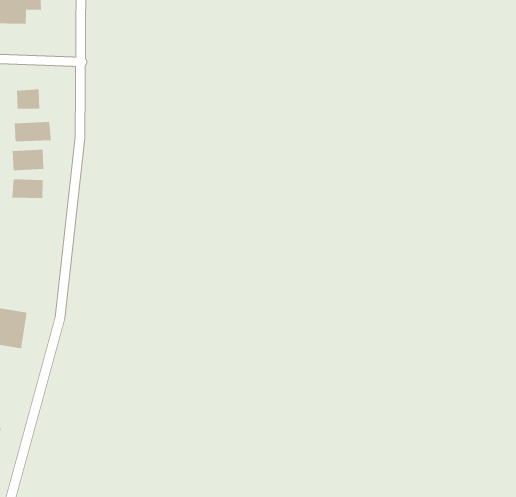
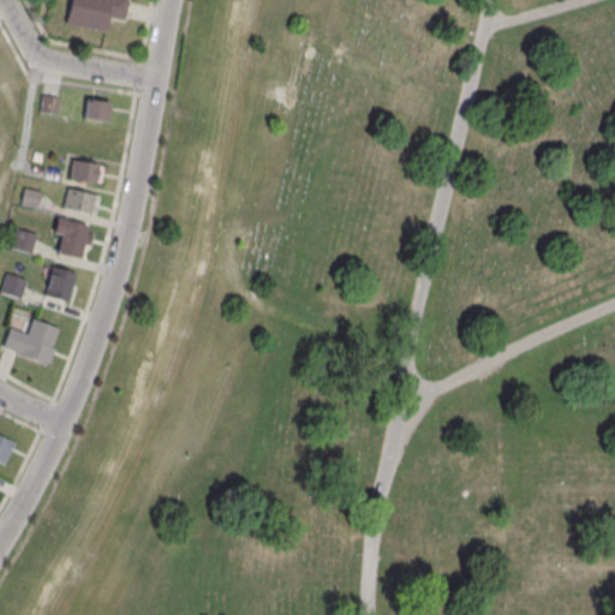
building: [14,121,52,142] -> none
building: none -> [53,215,91,258]
building: none -> [43,265,77,301]

